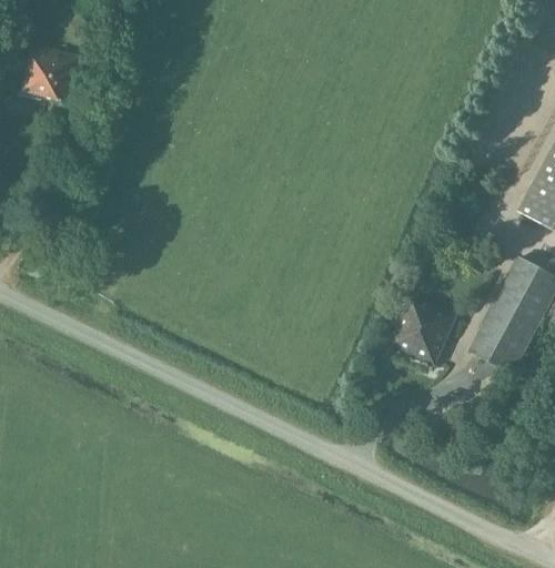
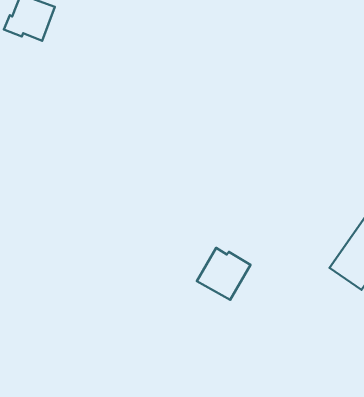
building: [390,297,456,362] -> [197,248,251,300]

